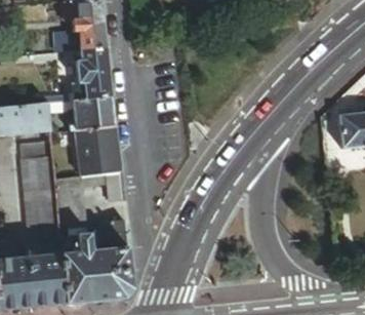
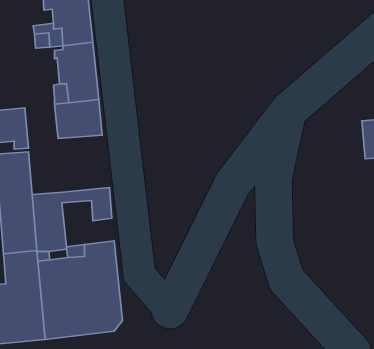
building: [77,127,121,176] -> none

